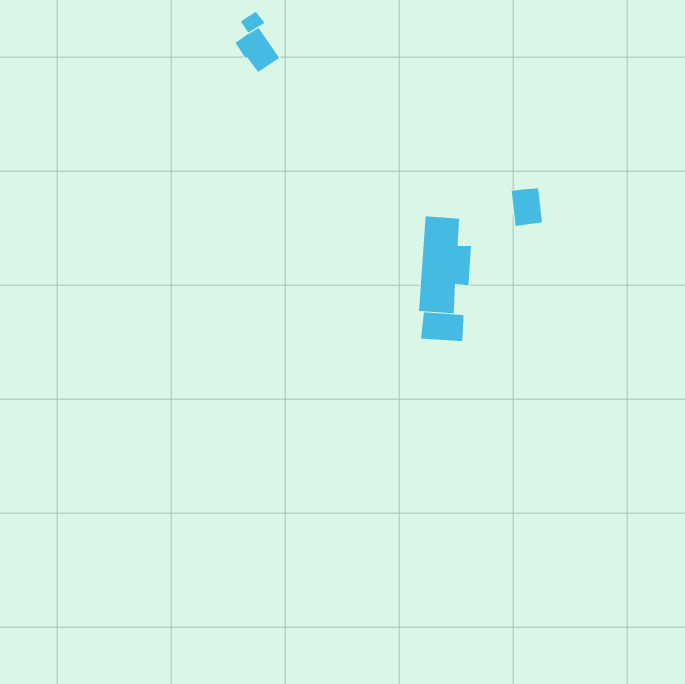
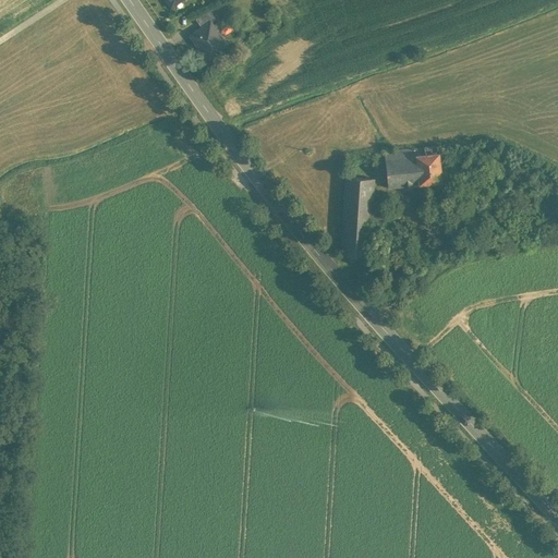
building: none -> [385,147,418,187]
building: [421,312,464,342] -> none

